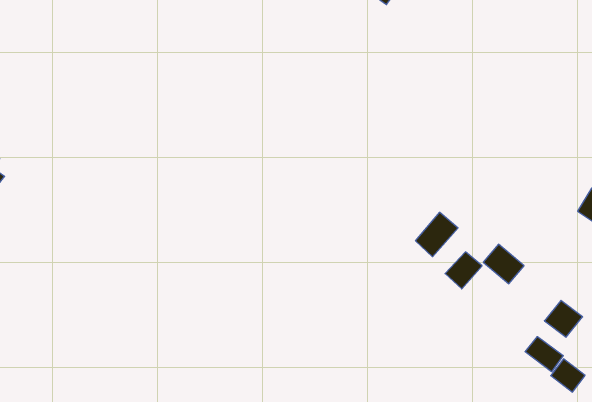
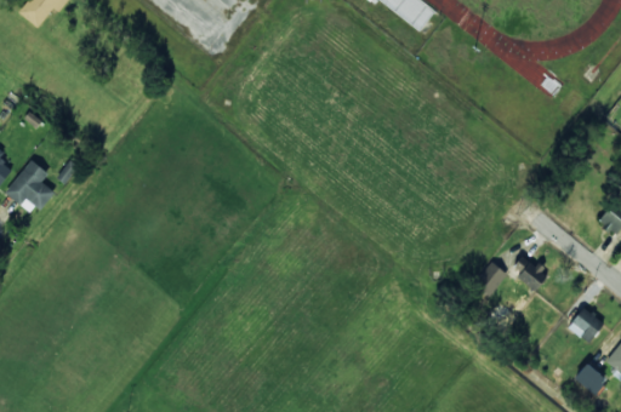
building: [416,212,458,257] -> none
building: [525,337,563,372] -> none

